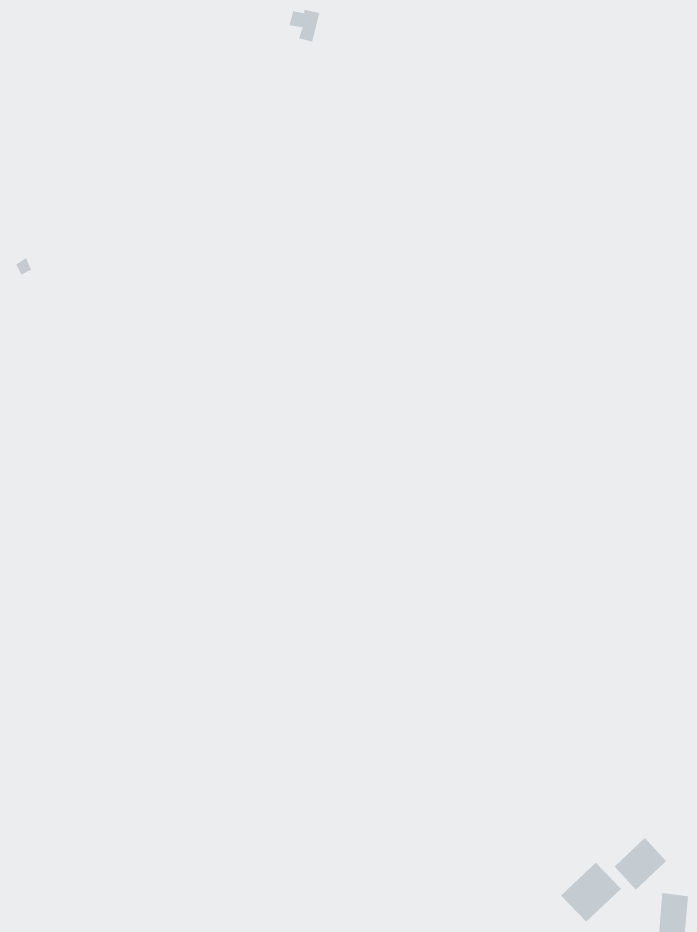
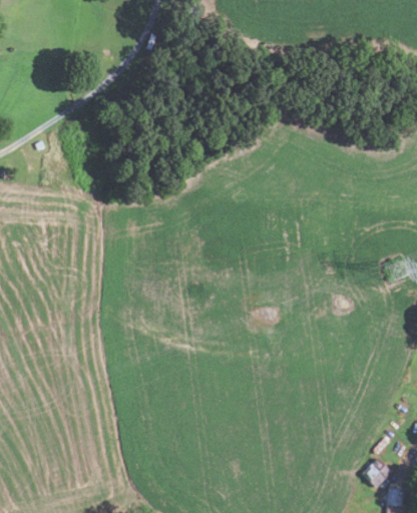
building: [560,862,622,922] -> none

